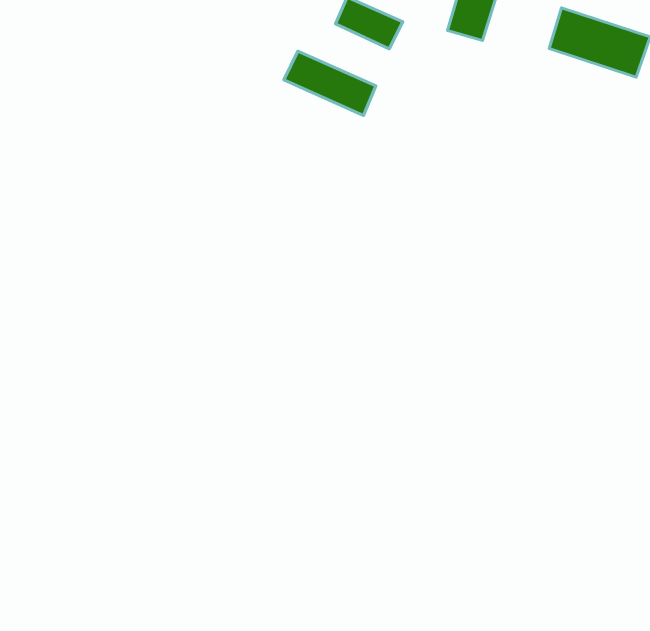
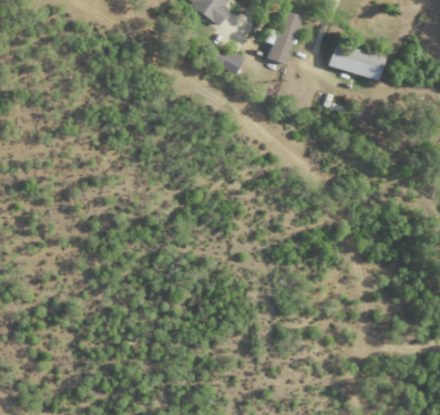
building: [284,51,376,116] -> none

